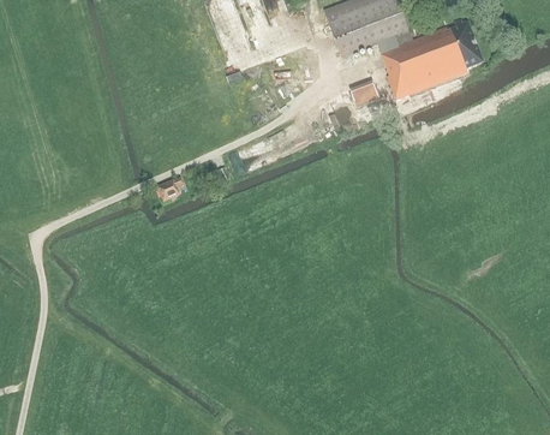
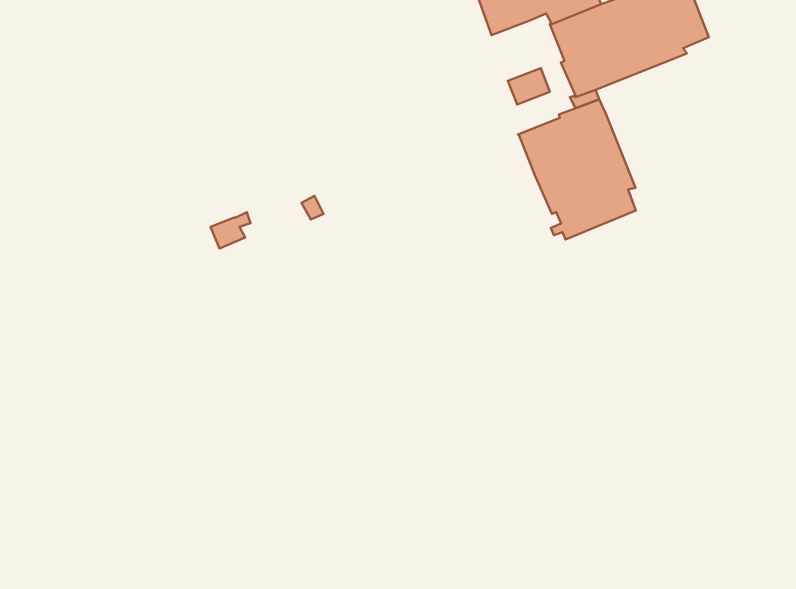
building: none -> [518,99,636,240]

